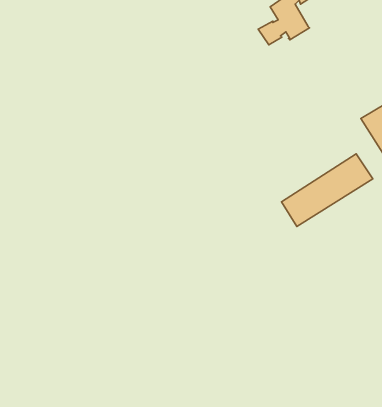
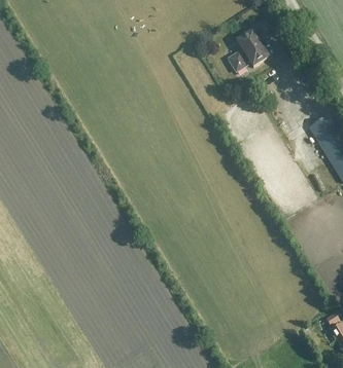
building: [281,154,373,227] -> none

